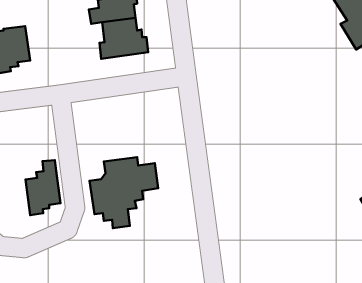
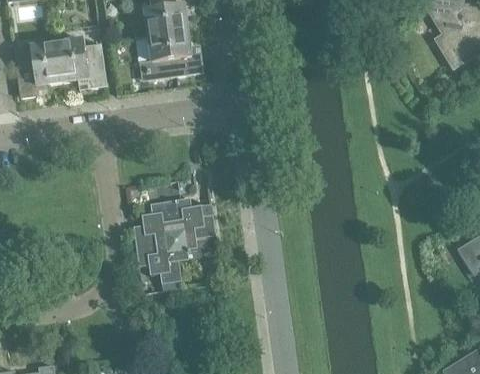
building: none -> [55,37,106,88]
building: [26,160,61,215] -> none

